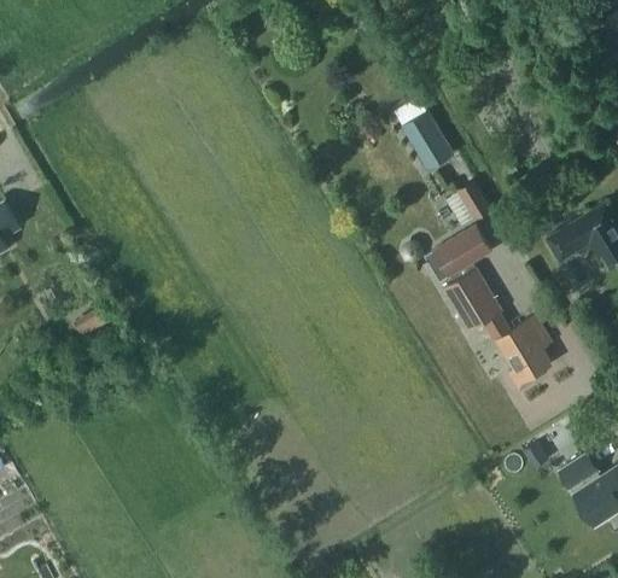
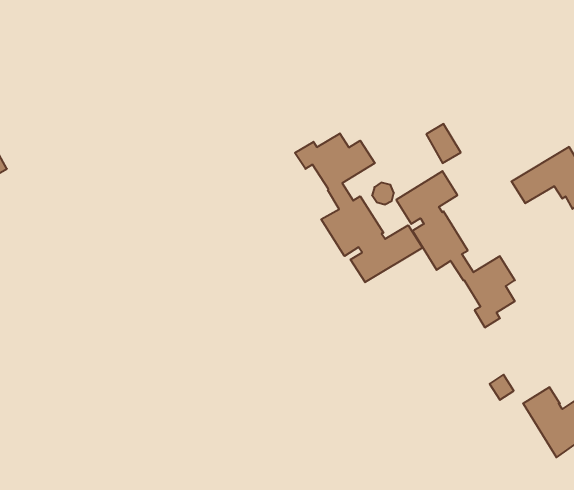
building: [403,111,454,168] -> none
building: none -> [295,133,422,282]

